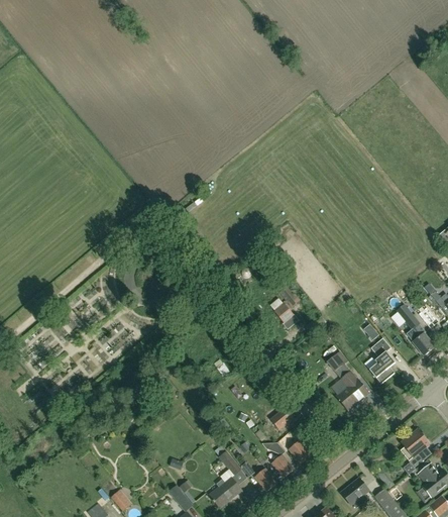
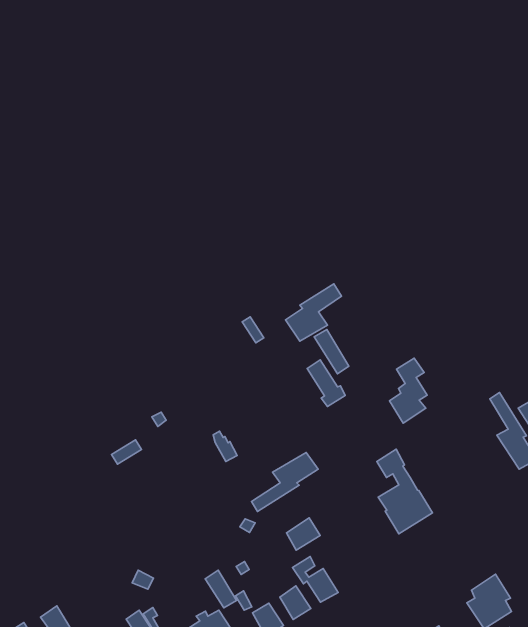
building: none -> [286,284,341,341]
building: [369,338,395,384] -> [390,358,427,423]
building: none -> [251,452,318,511]

